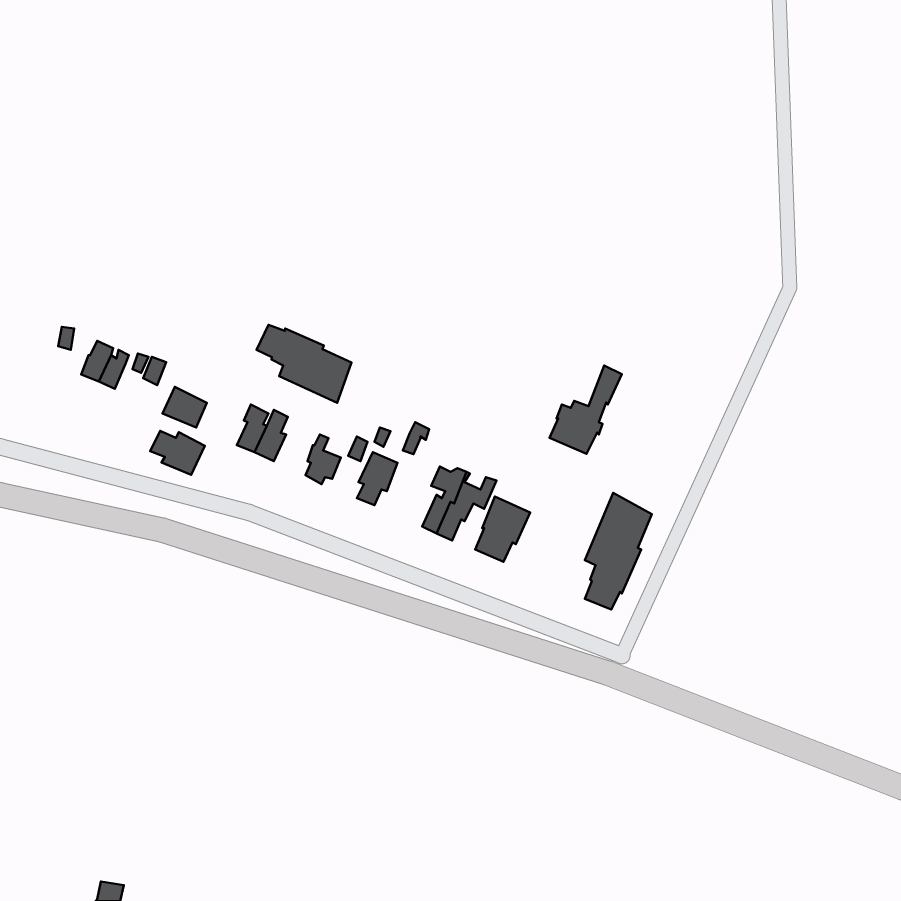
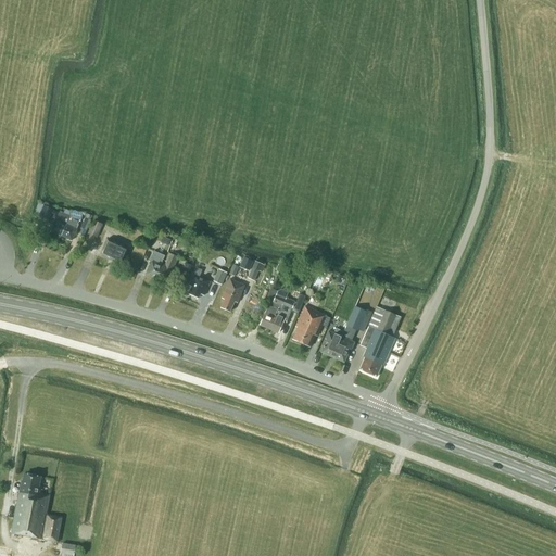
building: [257,325,352,403] -> none
building: [549,365,622,454] -> [321,306,366,361]
building: [150,431,205,475] -> none
building: none -> [12,473,63,542]

